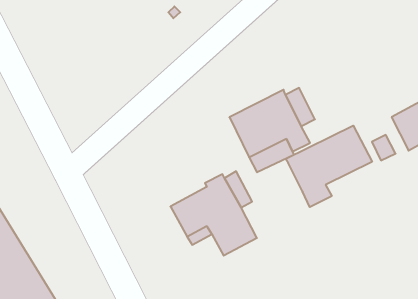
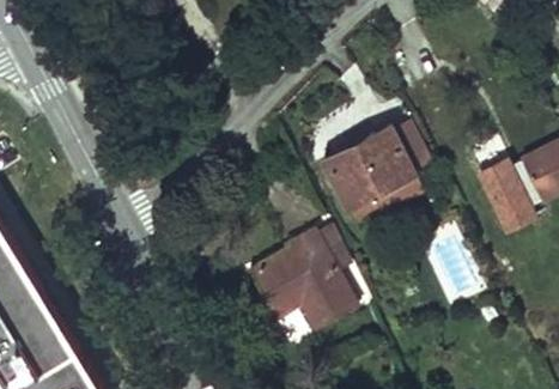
building: [286,126,372,207] -> none

